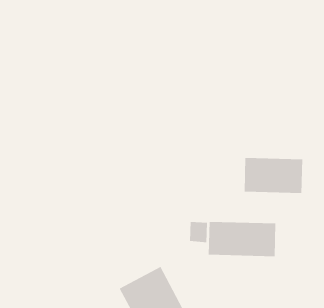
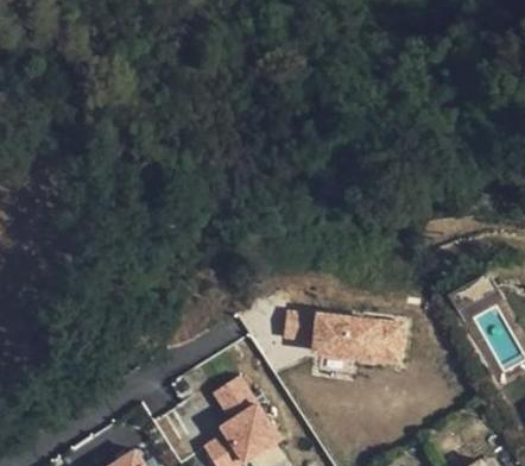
building: [244,157,303,194] -> none

